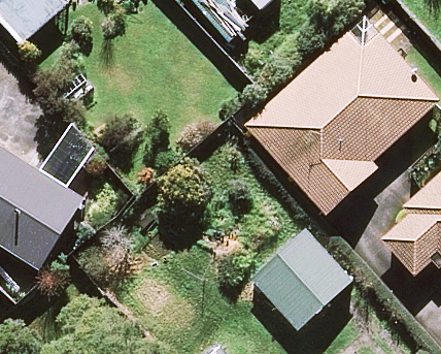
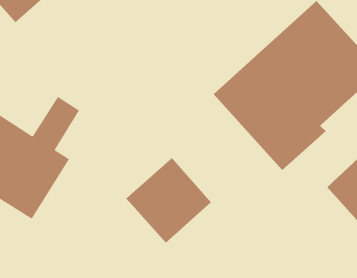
building: [250,230,349,329] -> [125,157,212,244]

